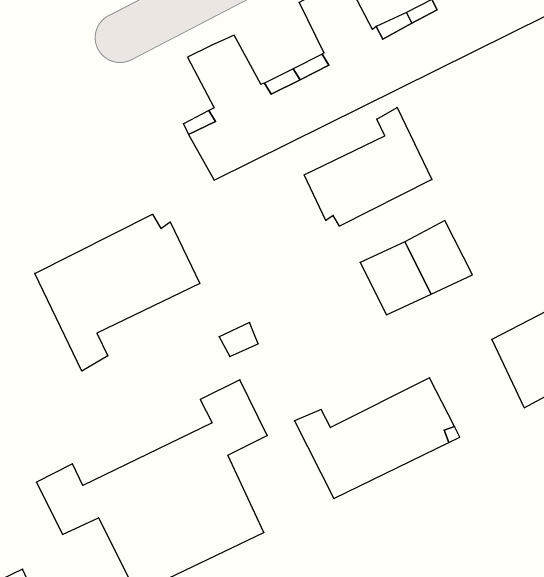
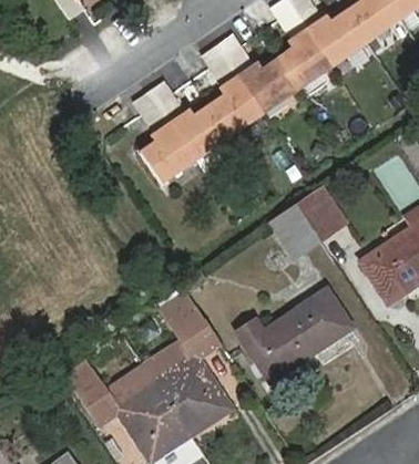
building: [304,107,432,226] -> none
building: [35,214,200,371] -> none

